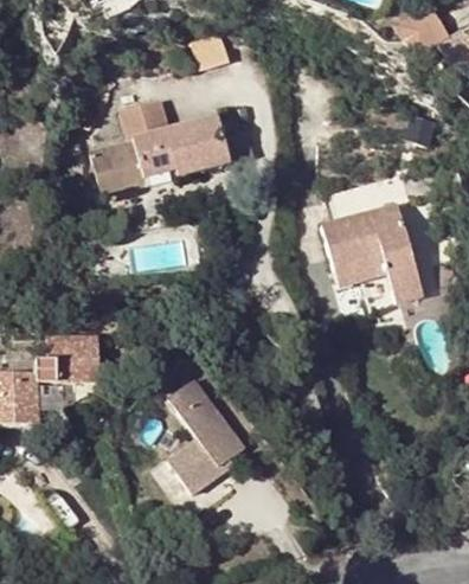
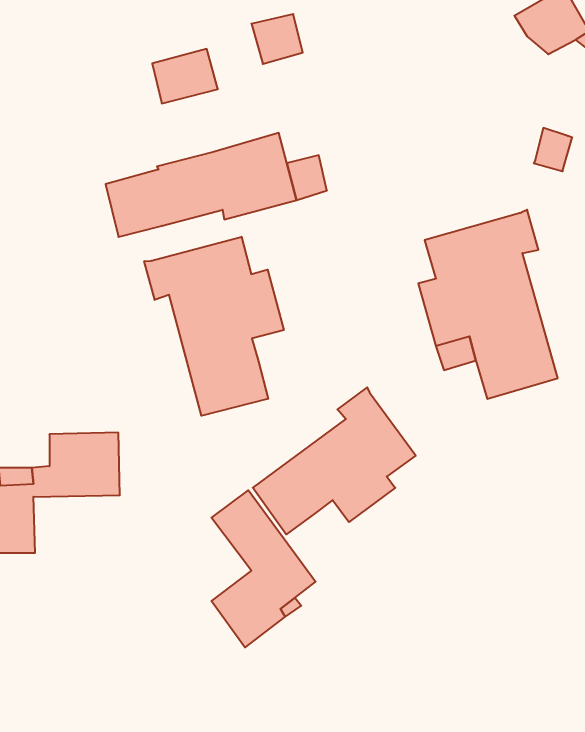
building: [121,97,169,137] -> [152,49,218,103]
building: none -> [144,237,284,416]
building: none -> [253,387,416,534]

